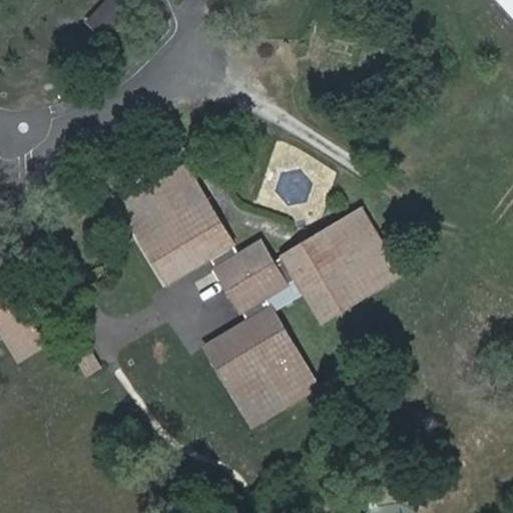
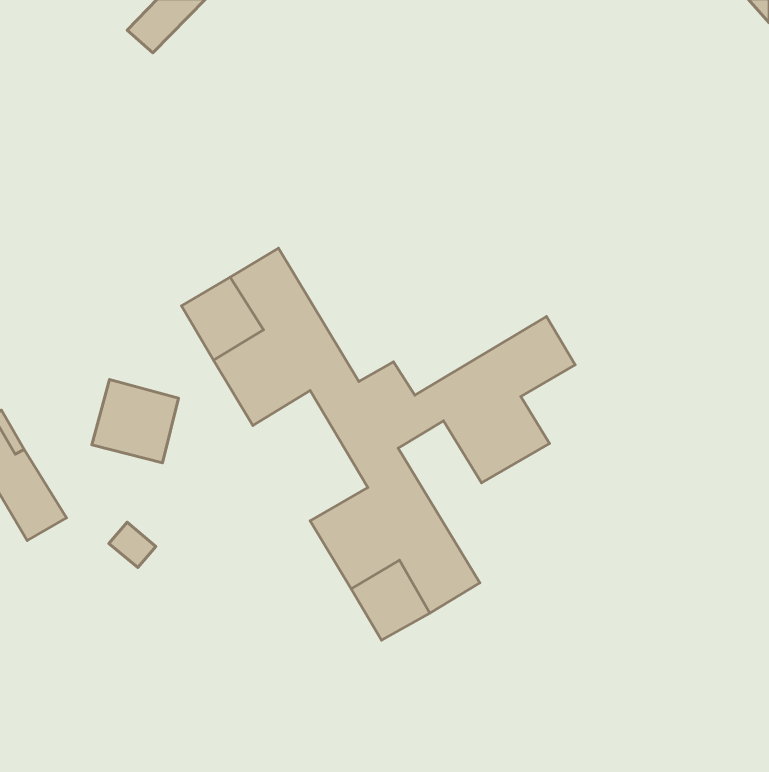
building: [345,241,399,294] -> none
building: none -> [92,380,178,463]

